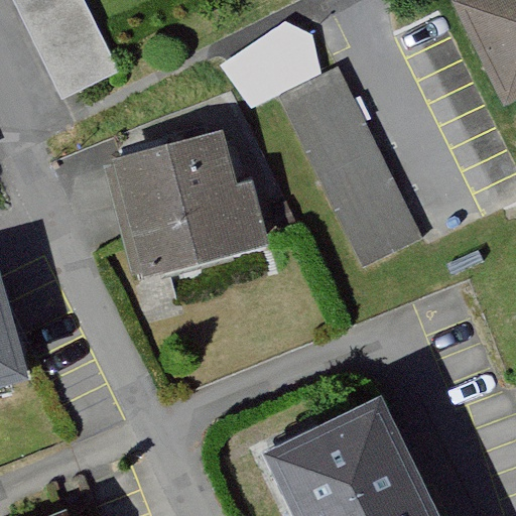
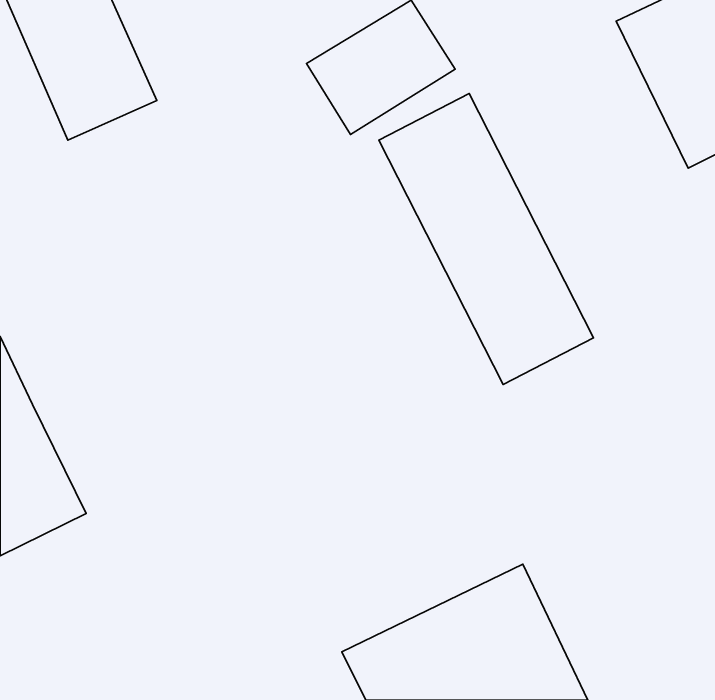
building: [110,141,269,285] -> none

